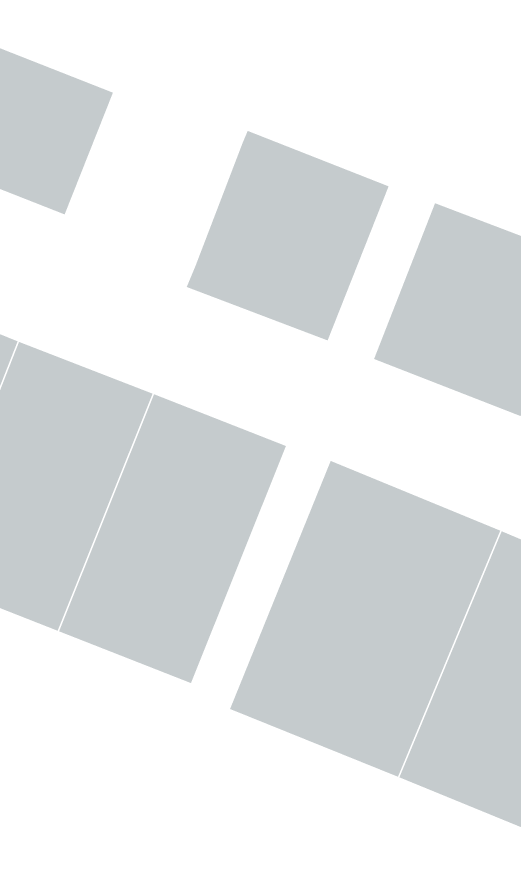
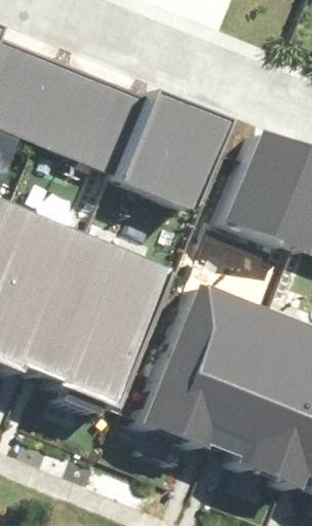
building: none -> [47,69,148,167]

